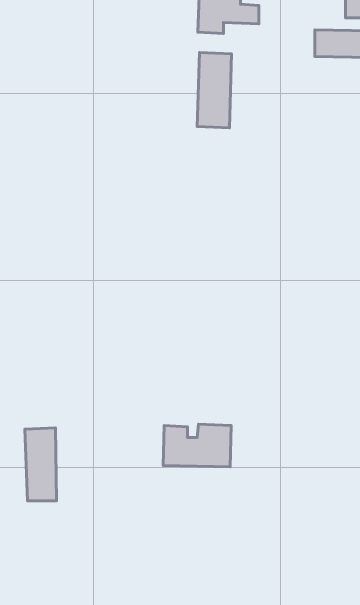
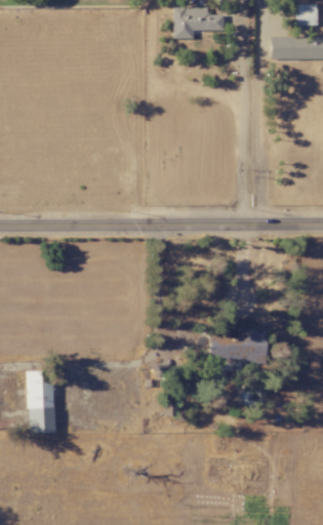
building: [197,52,232,128] -> none
building: [163,424,231,467] -> [209,328,267,364]

